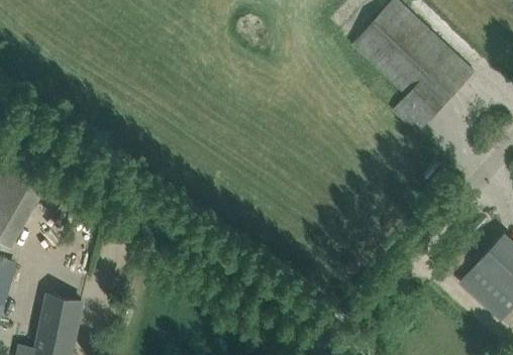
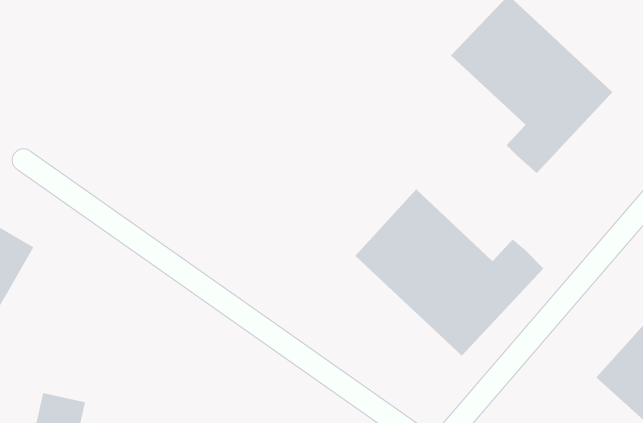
building: none -> [355,189,544,356]

